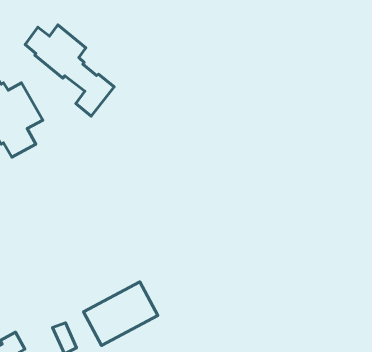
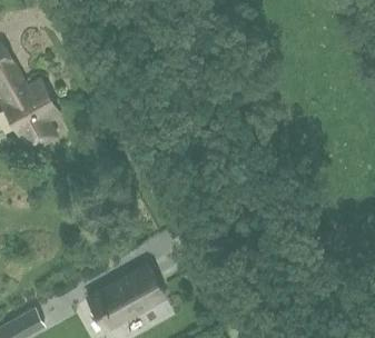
building: [25,25,114,116] -> none

